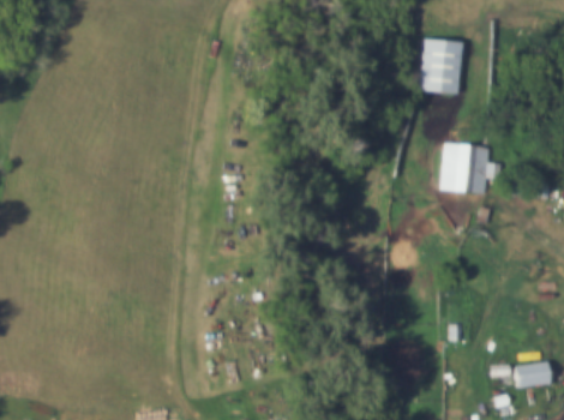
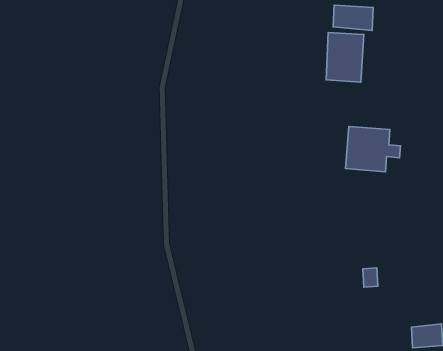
building: none -> [333,5,373,30]

